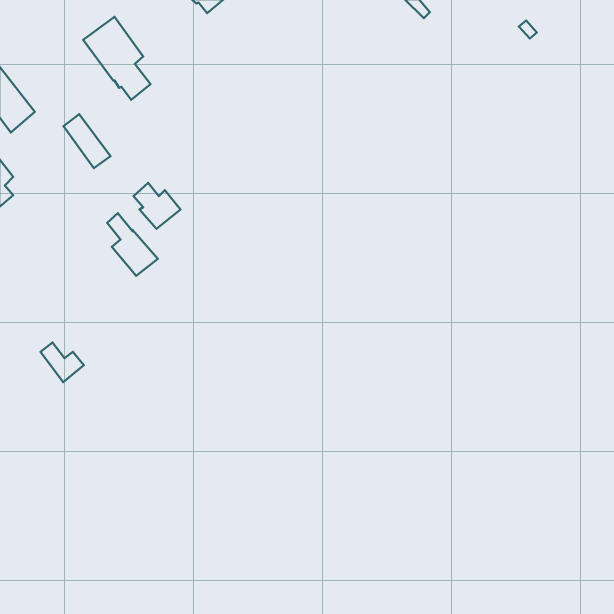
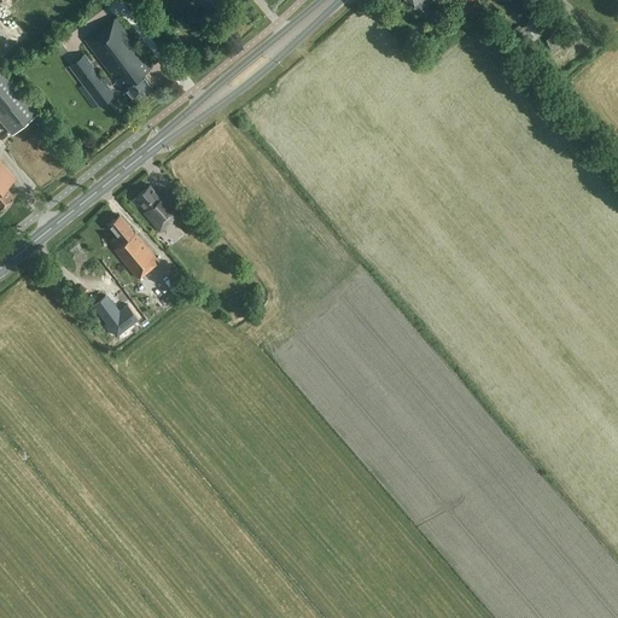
building: [64,114,111,168] -> [68,52,115,106]
building: [40,342,84,382] -> [92,296,135,336]

